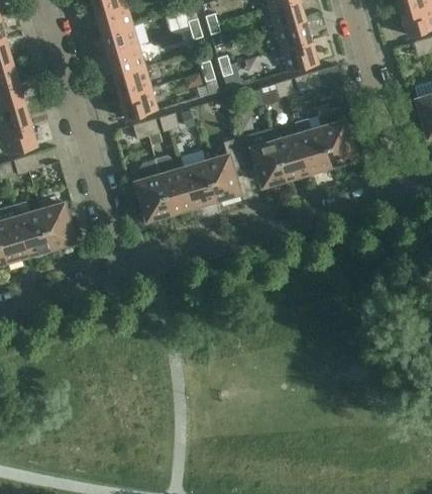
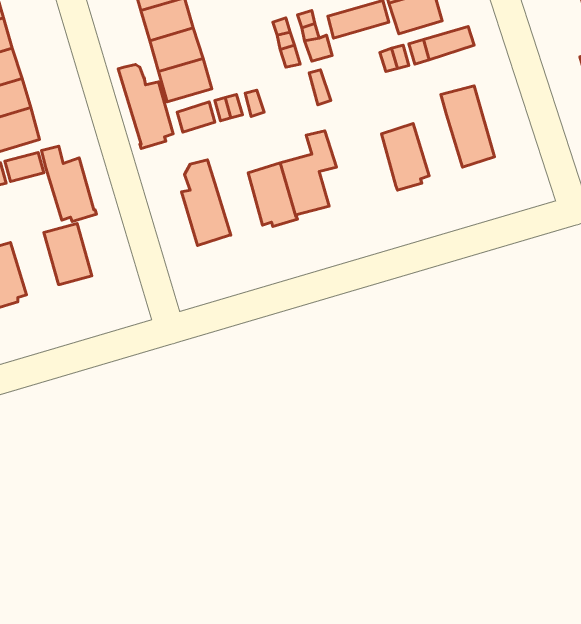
building: [295,118,333,172] -> none
building: [236,127,286,184] -> none
building: [154,156,193,214] -> [118,64,173,148]
building: [14,201,52,254] -> [42,146,97,222]

